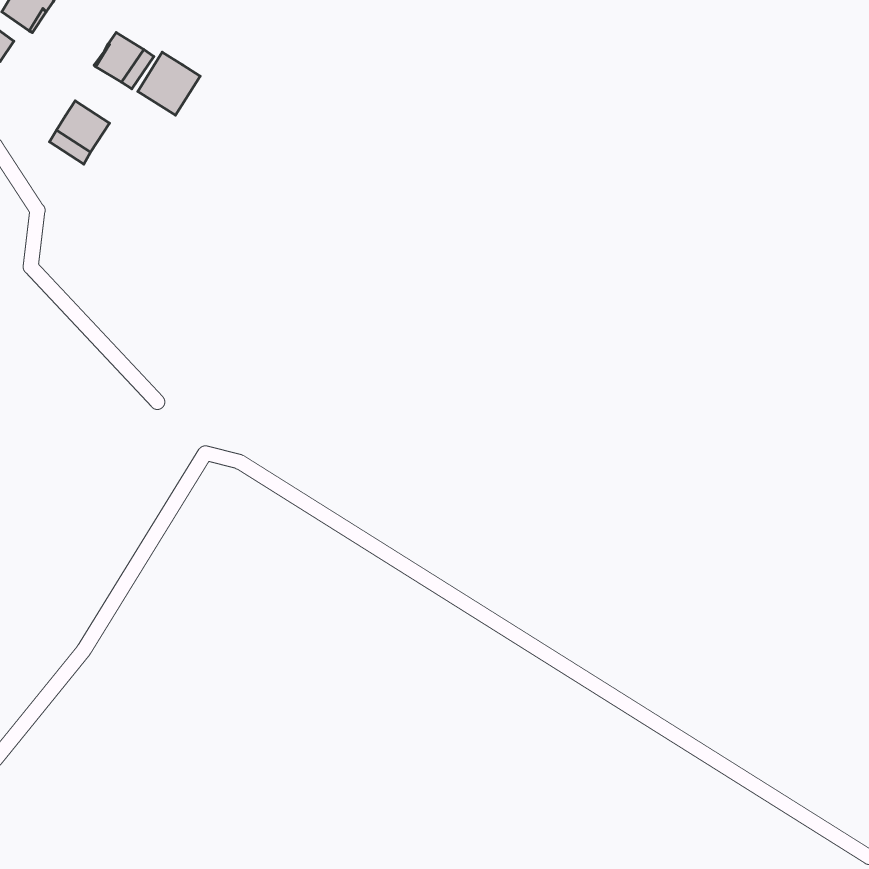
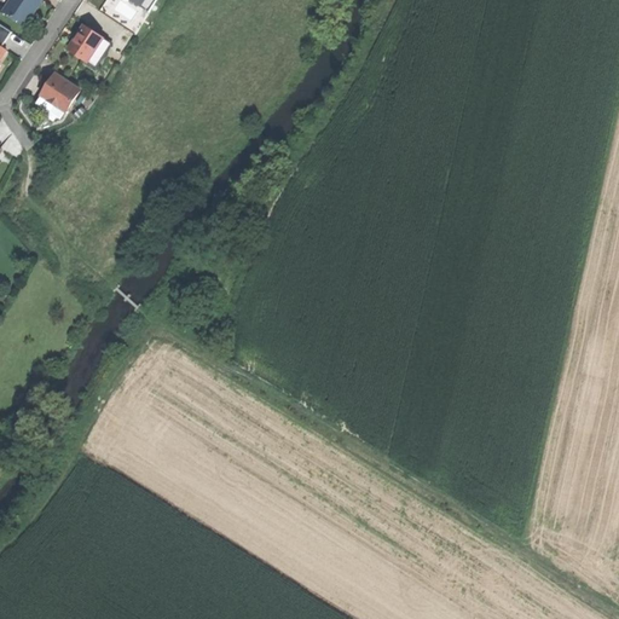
building: [138,52,200,115] -> none

